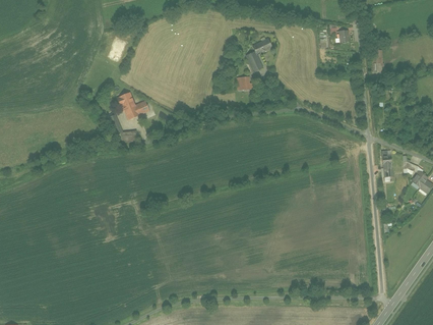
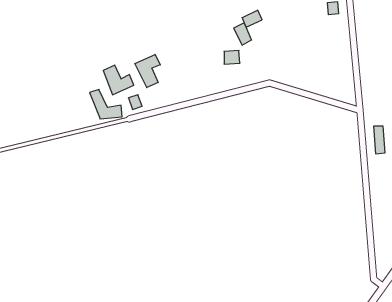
building: none -> [135,54,160,88]

